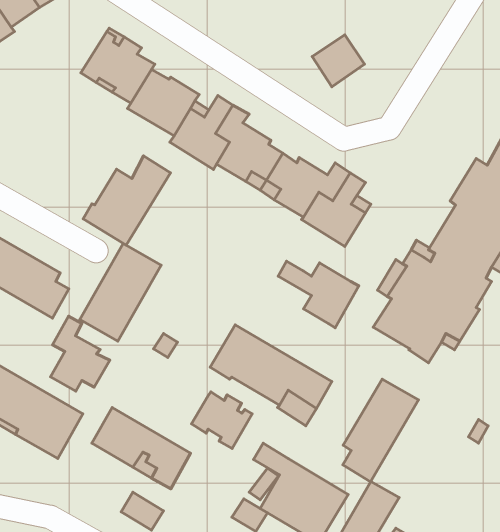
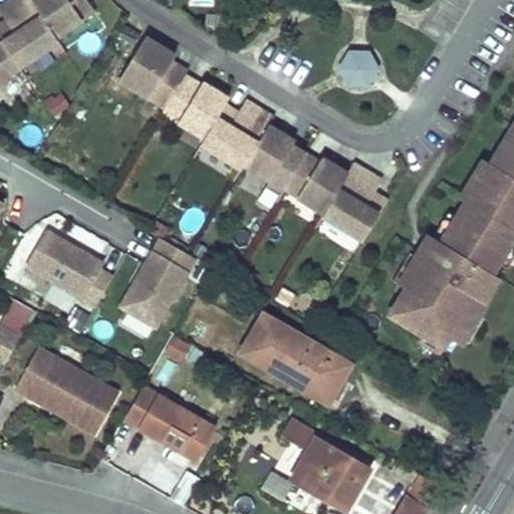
building: [83,156,170,245] -> none
building: [278,261,359,328] -> none
building: [51,316,110,391] -> none
building: [343,379,418,482] -> none
building: [191,392,252,448] -> none

